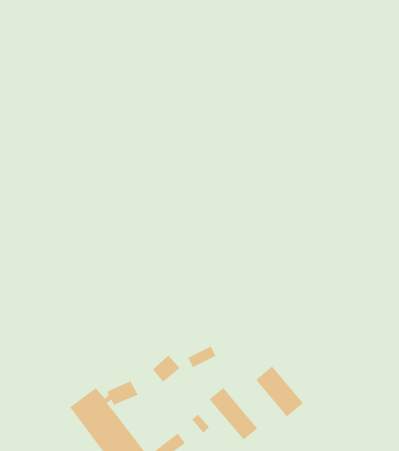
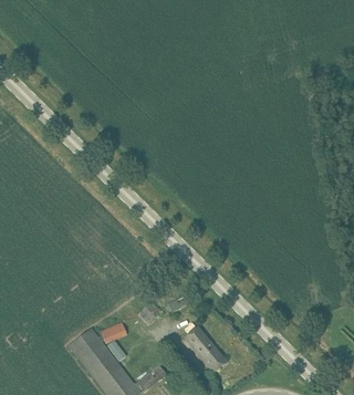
building: [255,365,304,418] -> none

